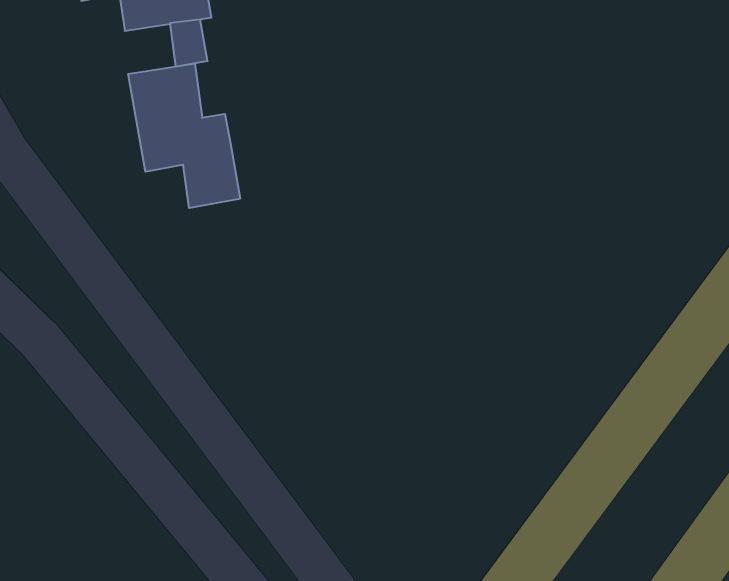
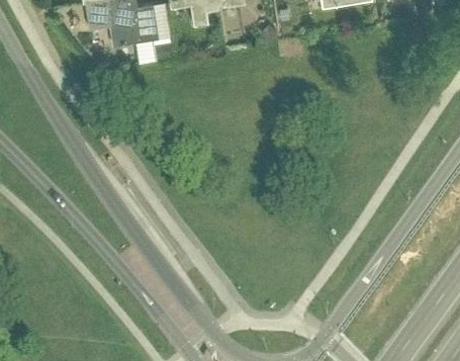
building: [128,64,240,208] -> none

